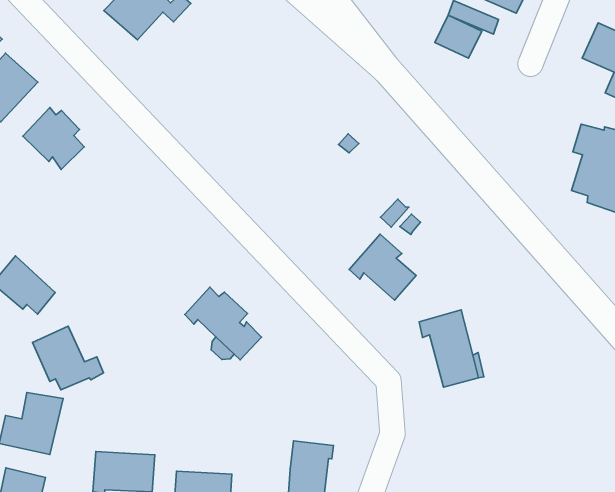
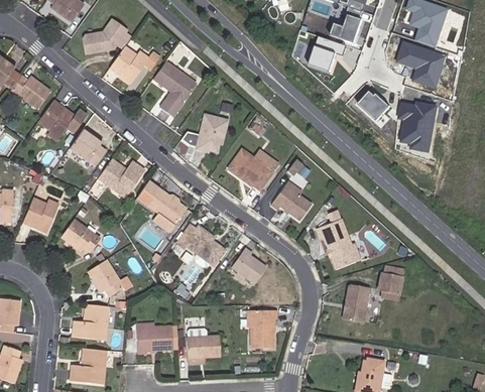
building: none -> [153,61,196,116]
building: none -> [357,90,387,119]
building: none -> [184,117,229,154]
building: none -> [97,157,145,197]
building: none -> [232,149,280,192]
building: none -> [138,182,187,232]
building: none -> [231,248,266,283]
building: none -> [380,270,408,294]
building: none -> [345,284,372,320]

